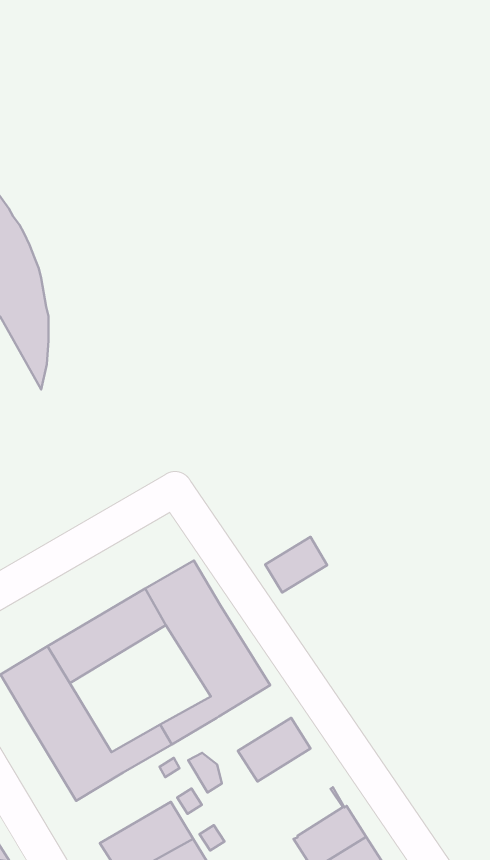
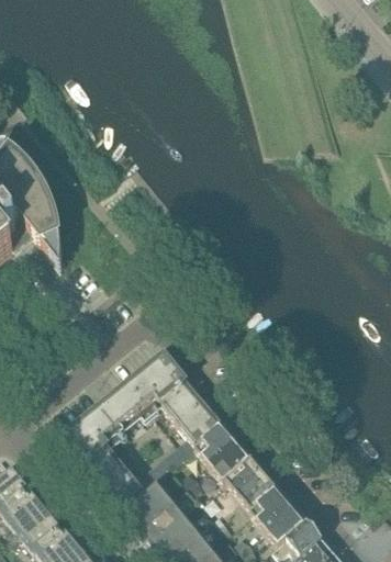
building: [265,537,327,593] -> none
building: none -> [193,425,237,467]
building: none -> [223,459,276,514]
building: none -> [120,483,174,533]

